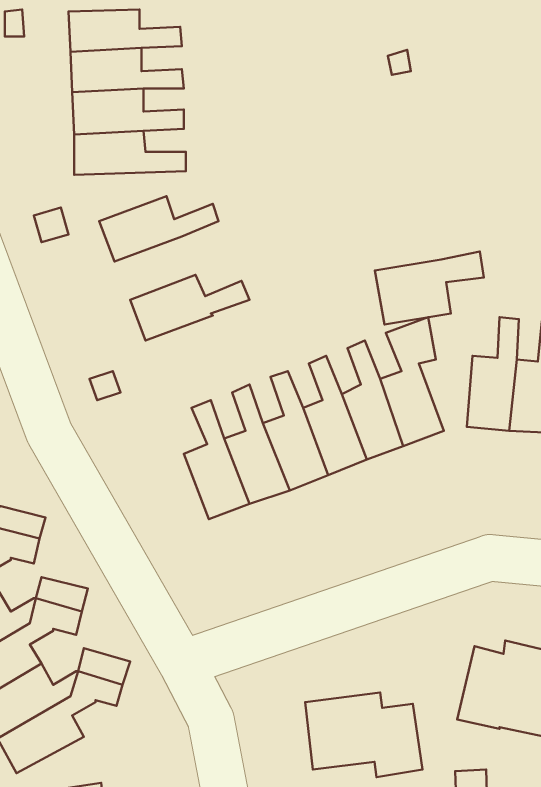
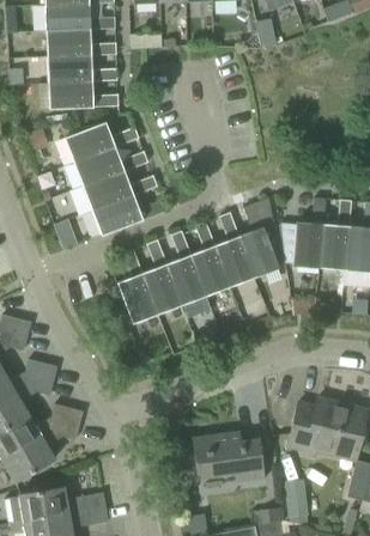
building: none -> [74,147,148,187]
building: [375,251,484,325] -> none
building: none -> [93,196,166,236]

